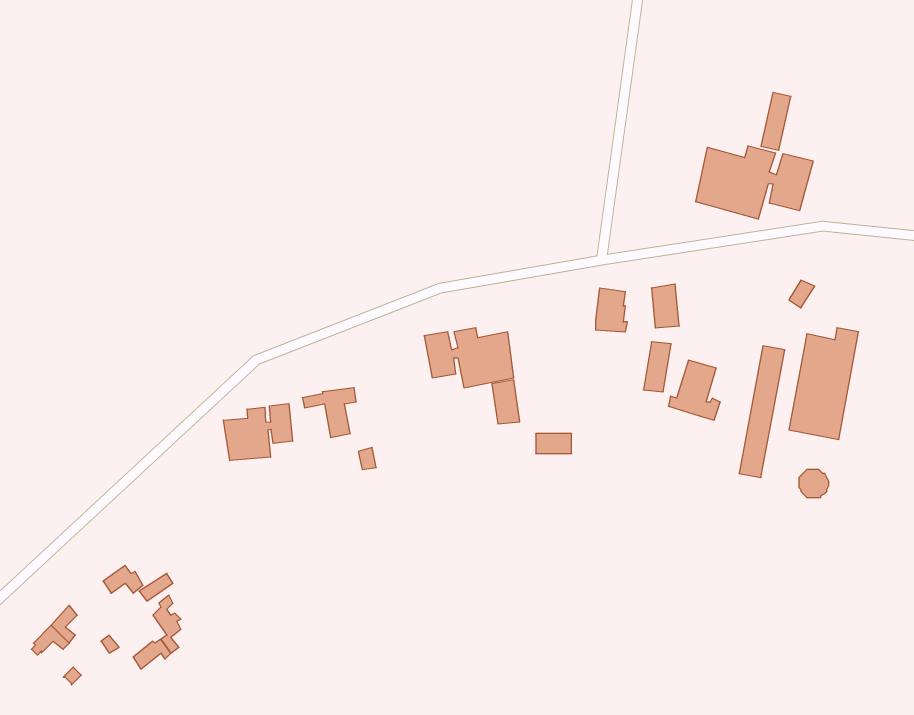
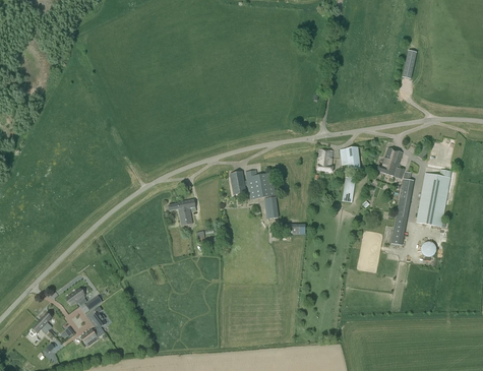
building: [696,146,813,219] -> none
building: [668,360,720,420] -> [376,147,403,178]
building: [223,404,293,461] -> none

